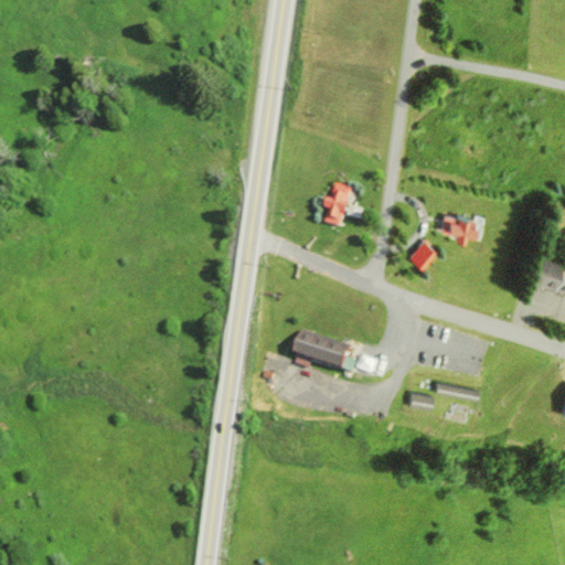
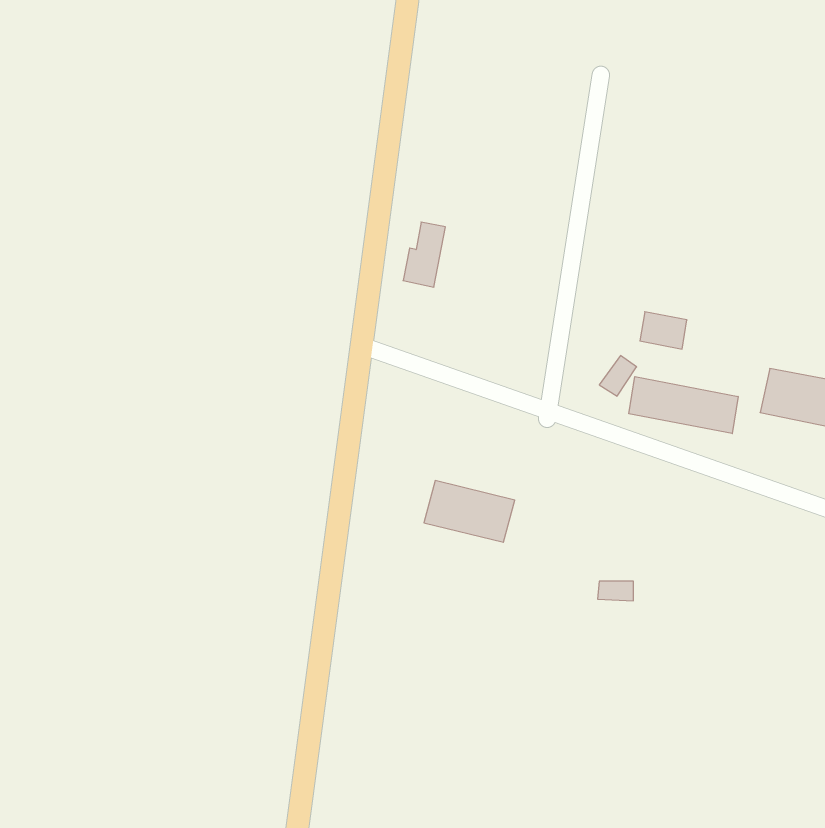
building: [322,182,351,226] -> [403,222,445,287]
building: none -> [629,377,738,434]

